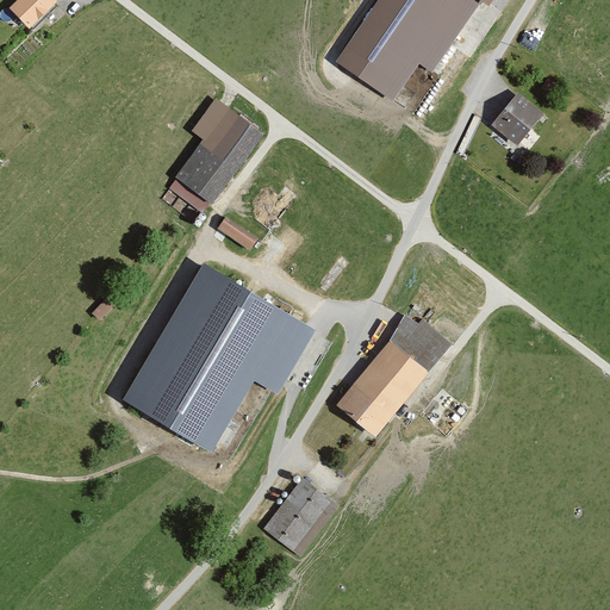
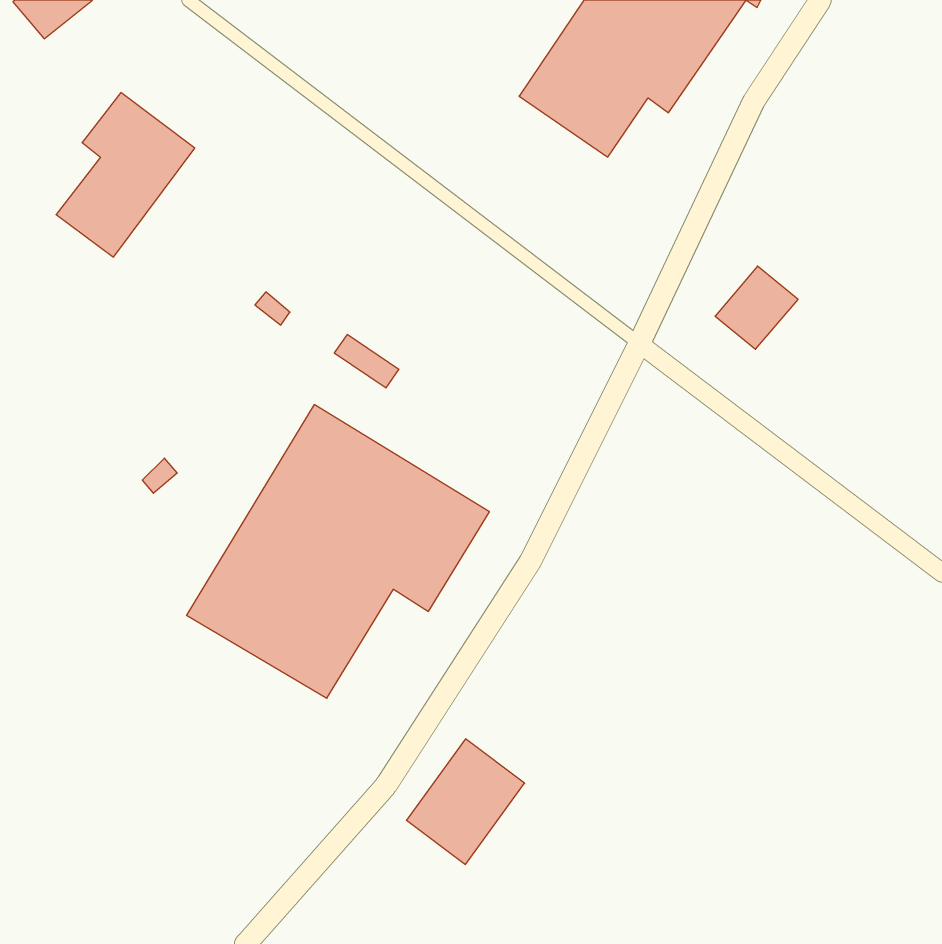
building: [490,92,543,145] -> [715,266,798,349]
building: [174,98,263,204] -> [56,93,195,257]
building: [335,315,452,436] -> none

